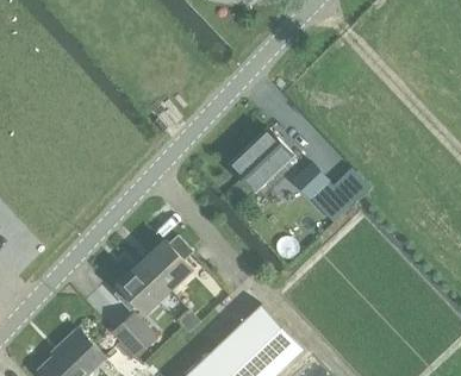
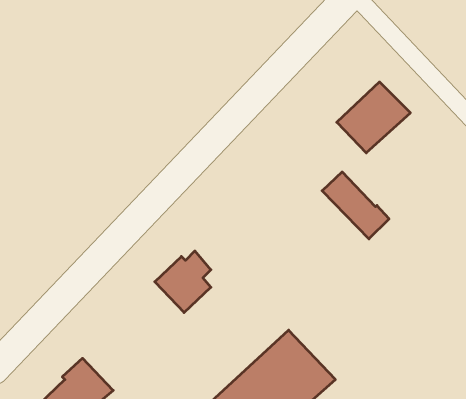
building: [229,127,294,190] -> [337,82,410,153]
building: [114,262,168,312] -> none
building: [113,313,157,361] -> none

